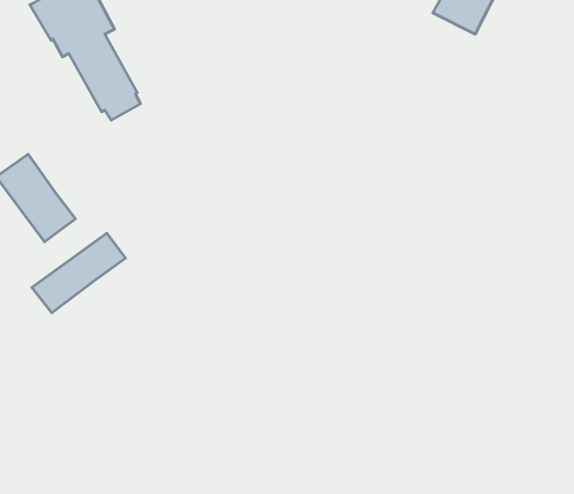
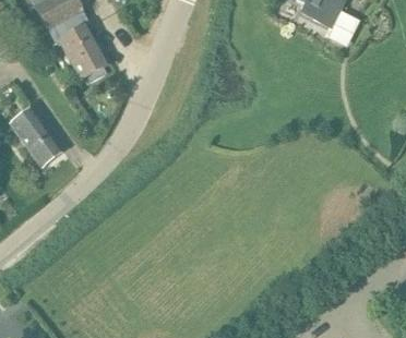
building: [32,233,125,313] -> none

